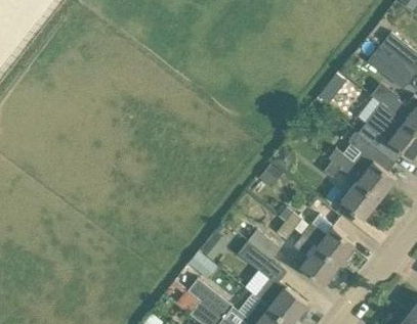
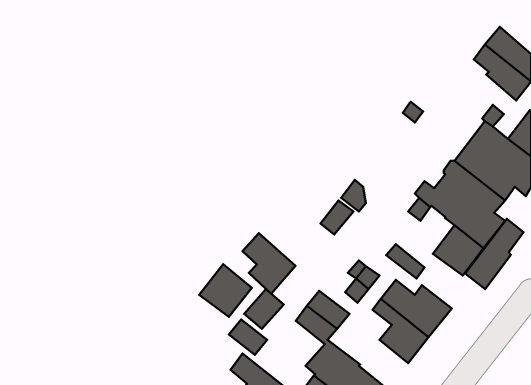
building: none -> [465,219,524,289]
building: none -> [242,233,296,294]
building: none -> [199,264,252,317]

